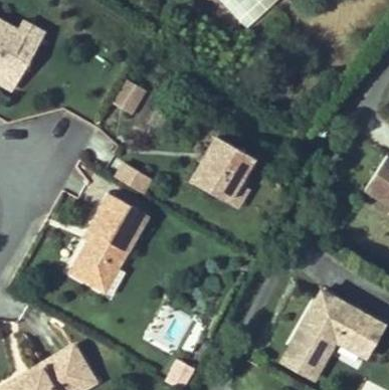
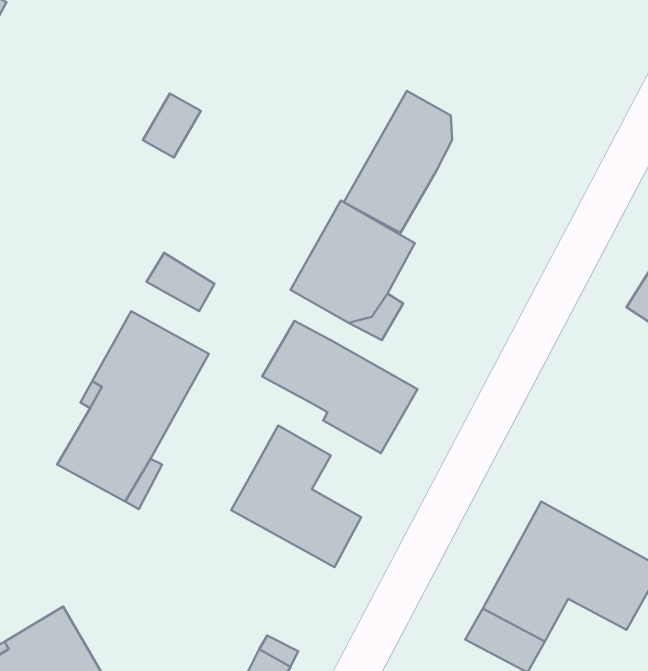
building: none -> [344,91,452,233]
building: none -> [262,321,418,453]
building: none -> [231,426,361,567]

